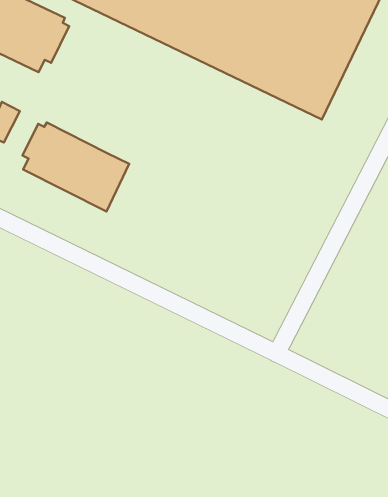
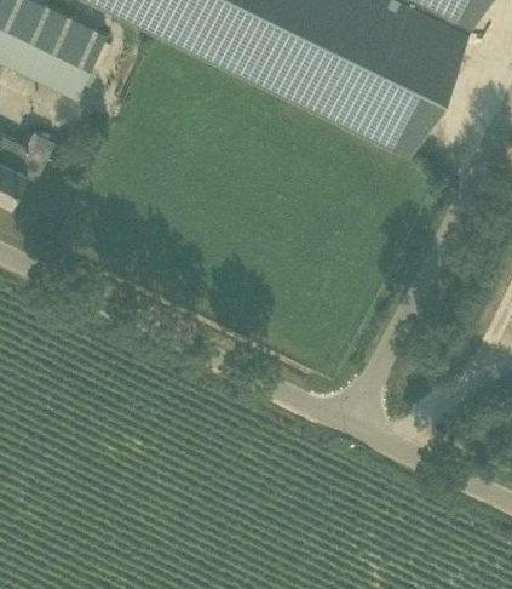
building: [22,123,129,211] -> none

